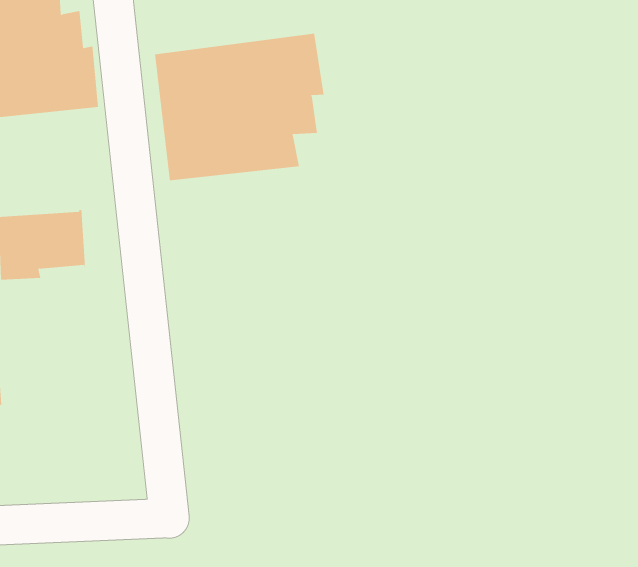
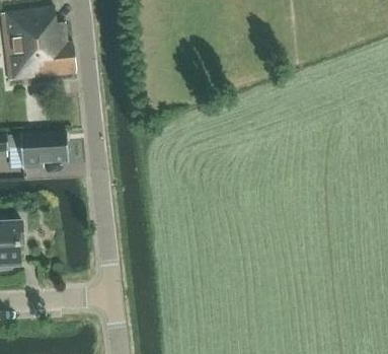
building: [154,33,324,181] -> none

